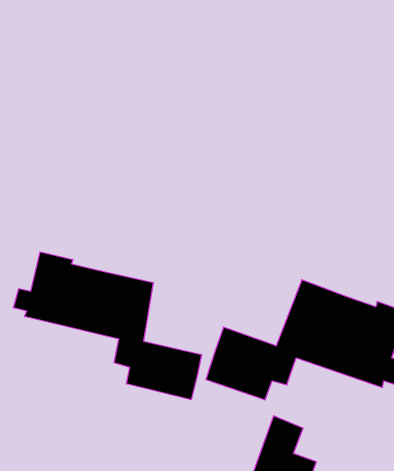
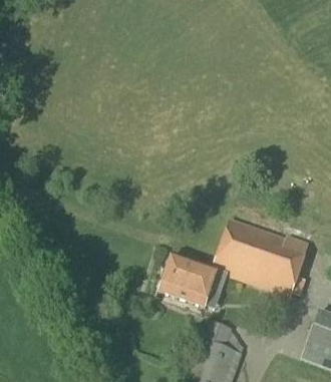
building: [13,252,202,400] -> none

